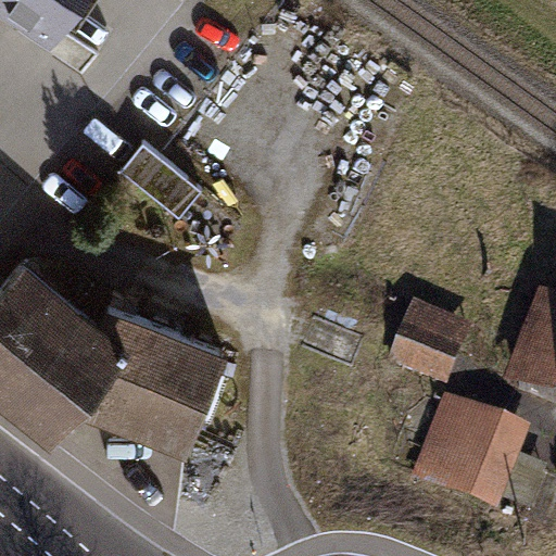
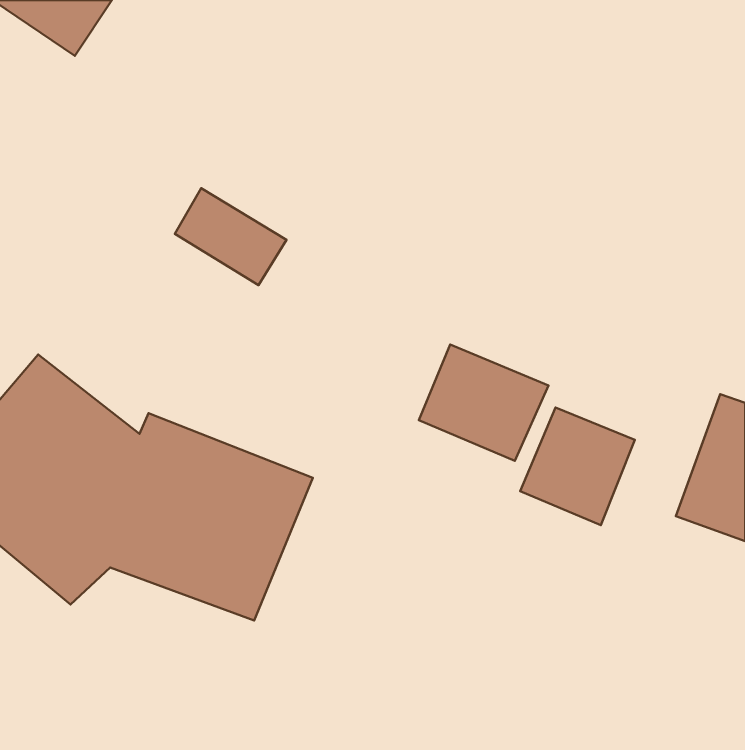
building: none -> [419,344,548,461]
building: [408,395,543,511] -> none

